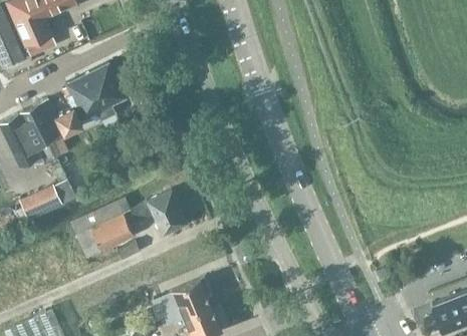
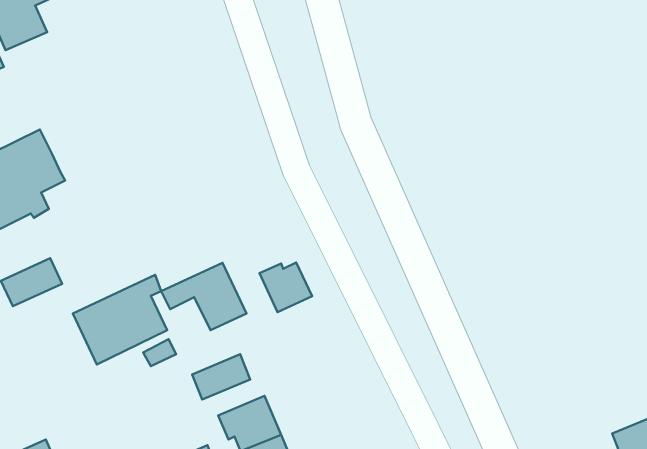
building: [56,64,126,130] -> none
building: none -> [260,262,312,312]
building: none -> [192,354,250,400]

